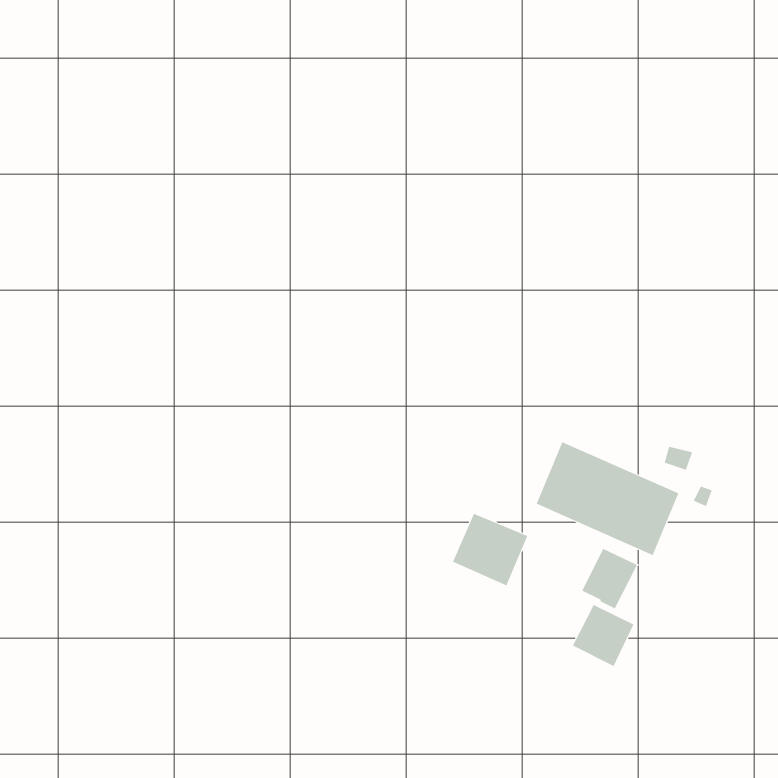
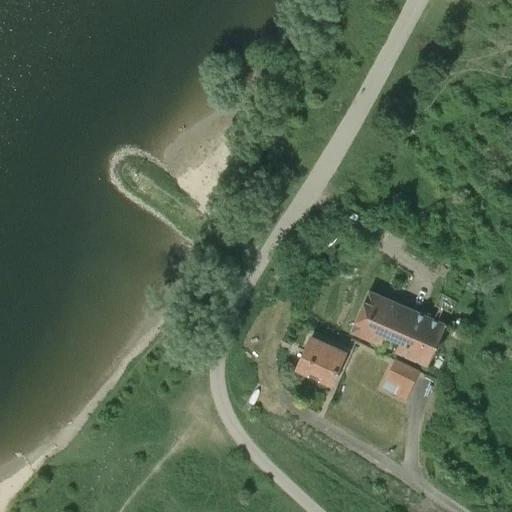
building: [572,604,634,667] -> none

